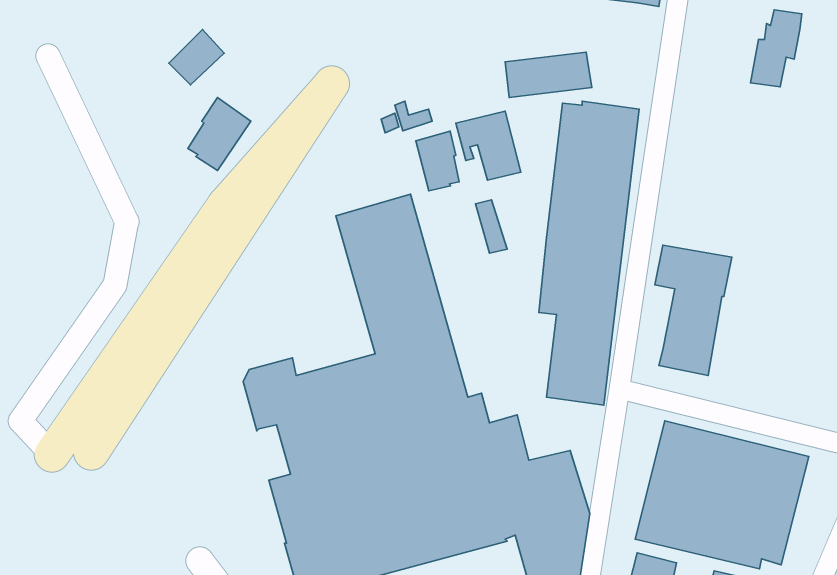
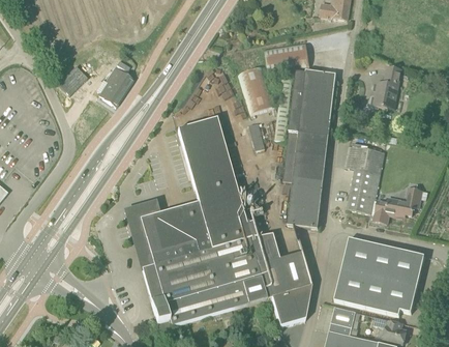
building: [751,10,802,87] -> [375,66,401,107]
building: [169,29,224,85] -> [58,65,87,94]
building: [416,131,459,191] -> none
building: none -> [373,187,422,223]

